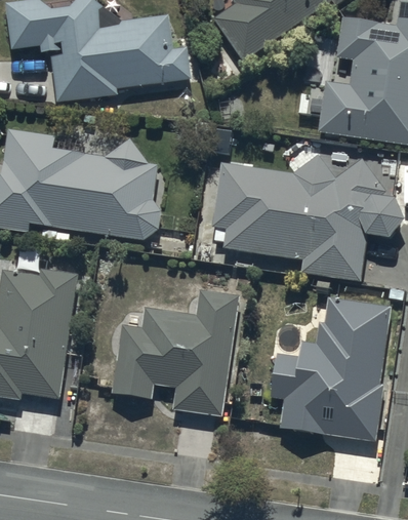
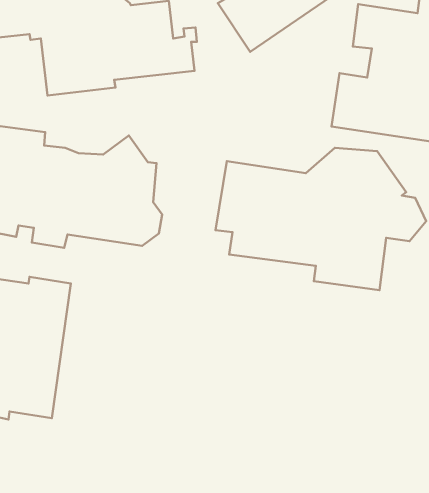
building: [112,290,239,416] -> none
building: [270,297,392,441] -> none

